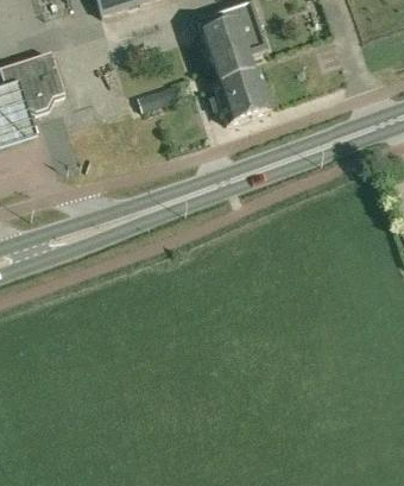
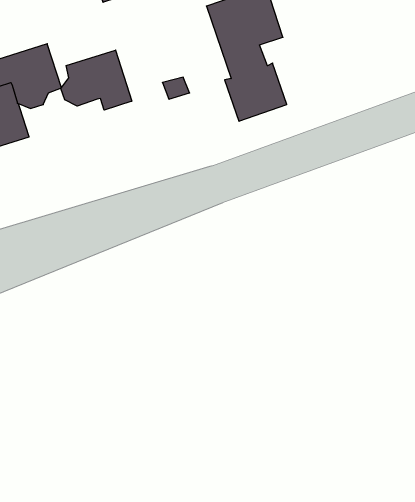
building: none -> [61,50,132,110]

